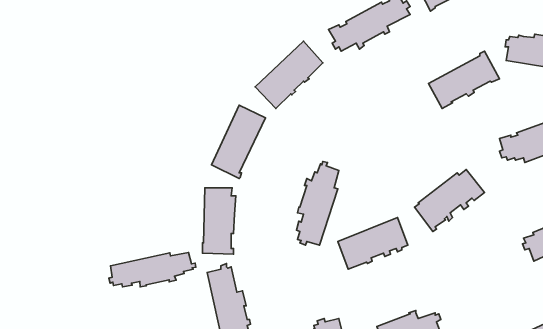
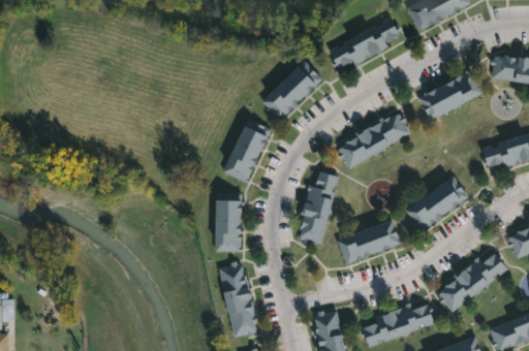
building: none -> [337,113,410,168]
building: [109,253,196,287] -> none
building: none -> [438,251,508,312]

